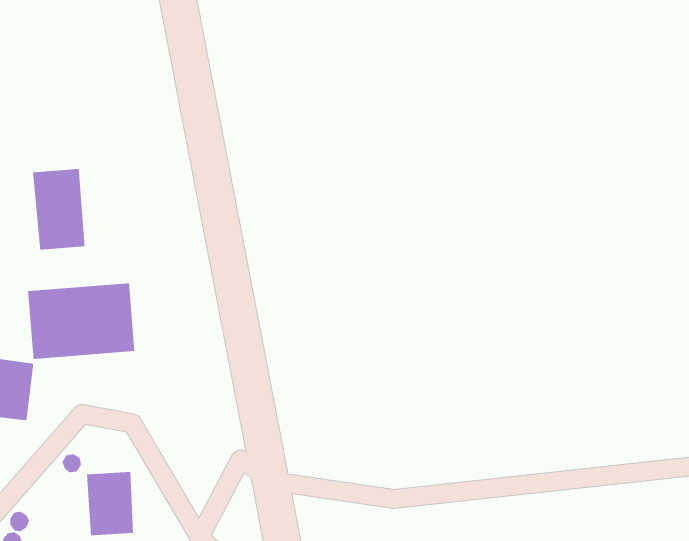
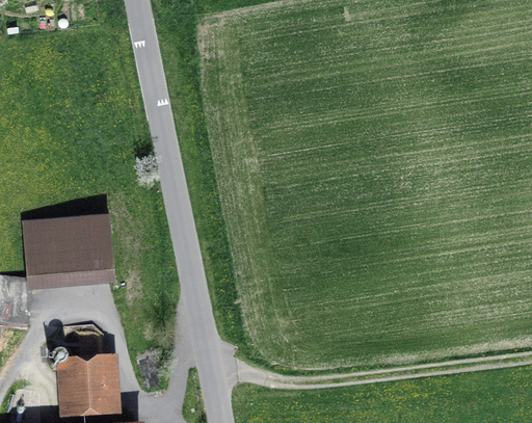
building: [32,168,85,251] -> none

